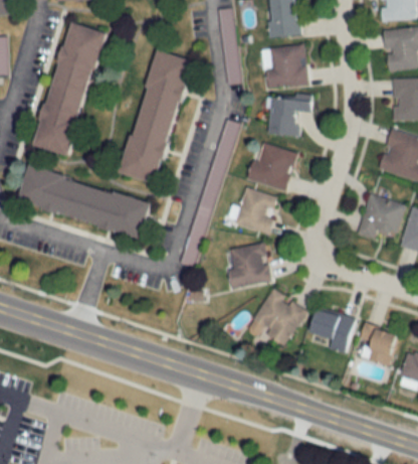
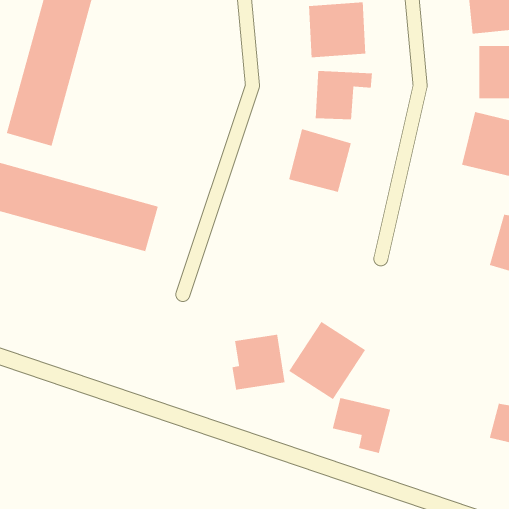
building: [122,49,189,184] -> none
building: [234,188,278,235] -> none
building: [359,194,406,239] -> none
building: [229,245,270,288] -> [231,334,286,391]
building: [309,309,355,352] -> [332,397,391,454]
building: [357,324,397,365] -> none

